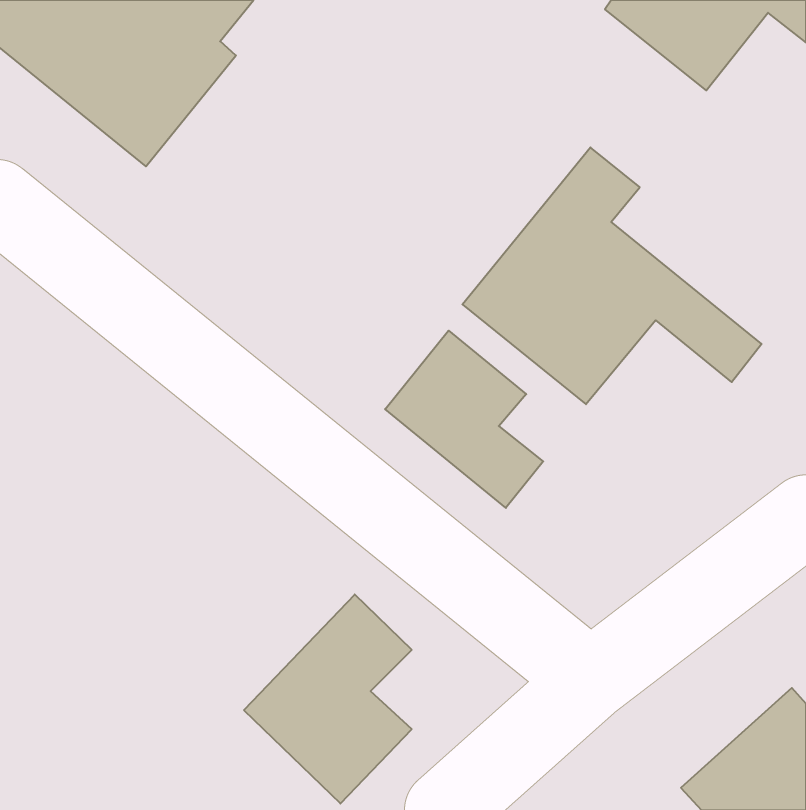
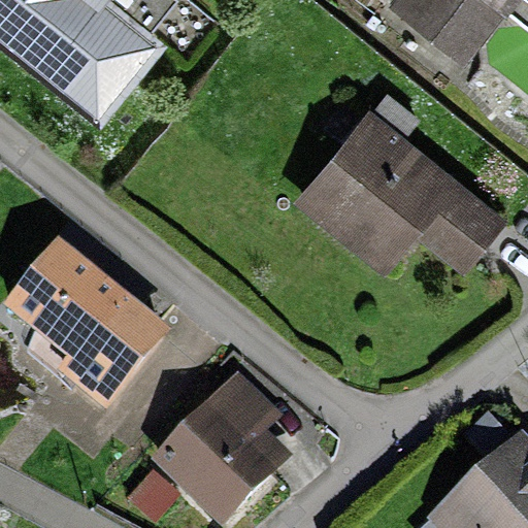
building: [385,331,543,508] -> none
building: none -> [10,257,160,406]

